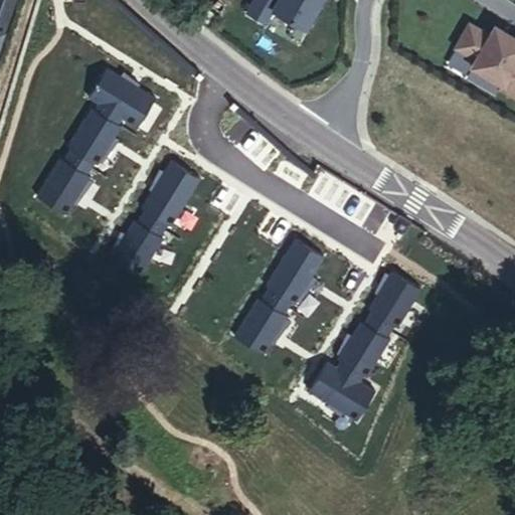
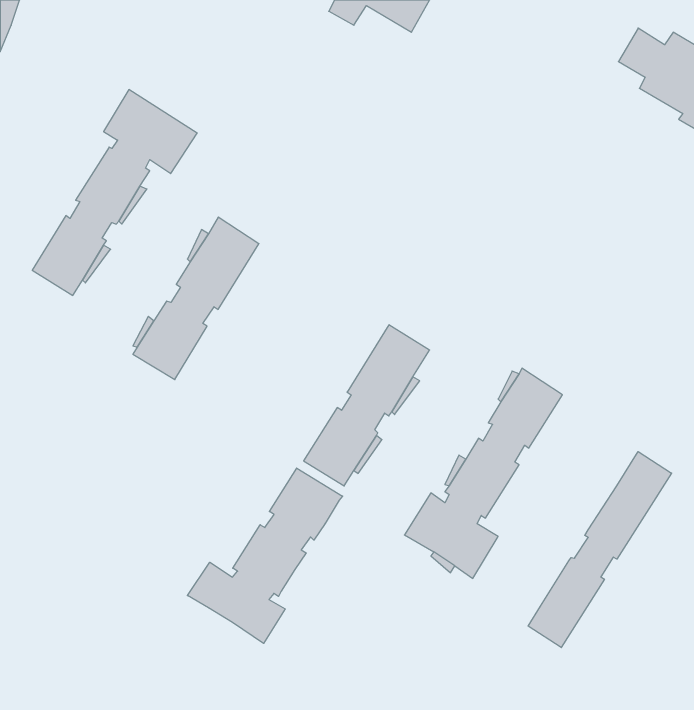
building: none -> [528,452,672,648]
building: none -> [187,468,343,643]

